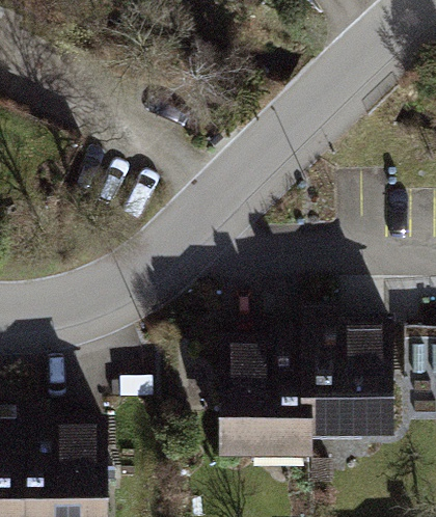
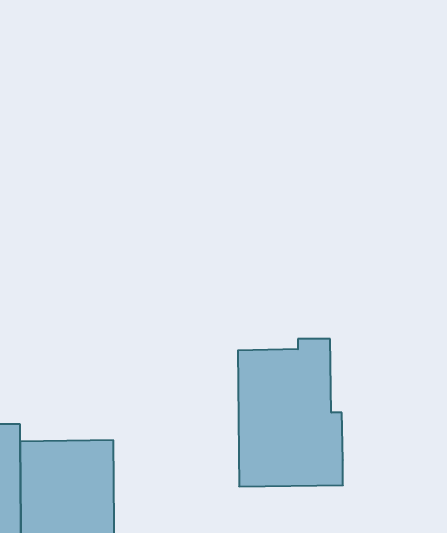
building: [302,316,397,443] -> none

